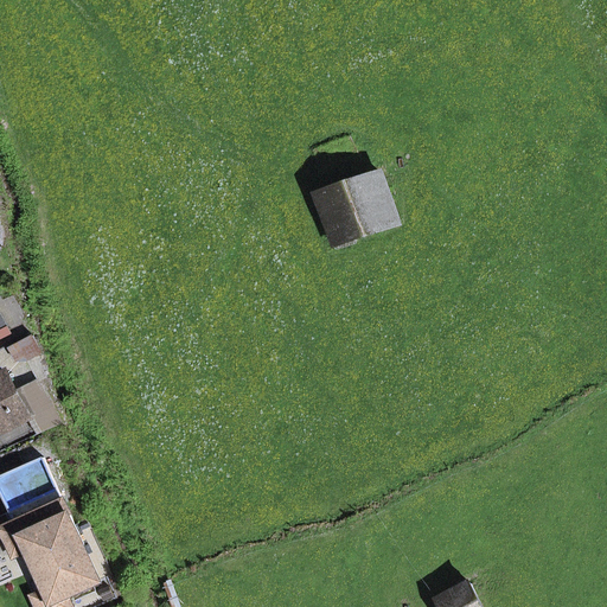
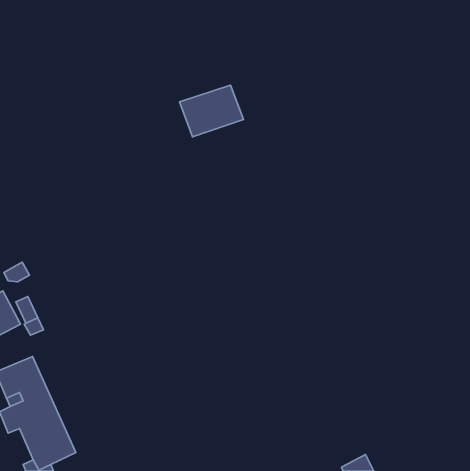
building: [315,175,397,242] -> [180,85,243,137]

